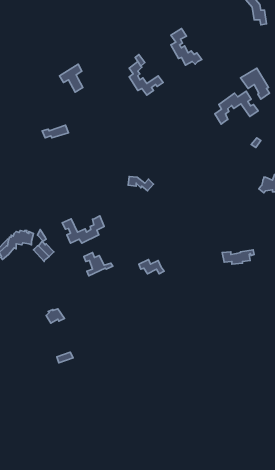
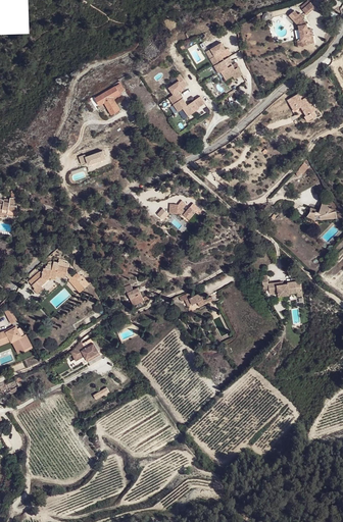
building: [215,91,258,124] -> none
building: [62,216,104,243] -> none

